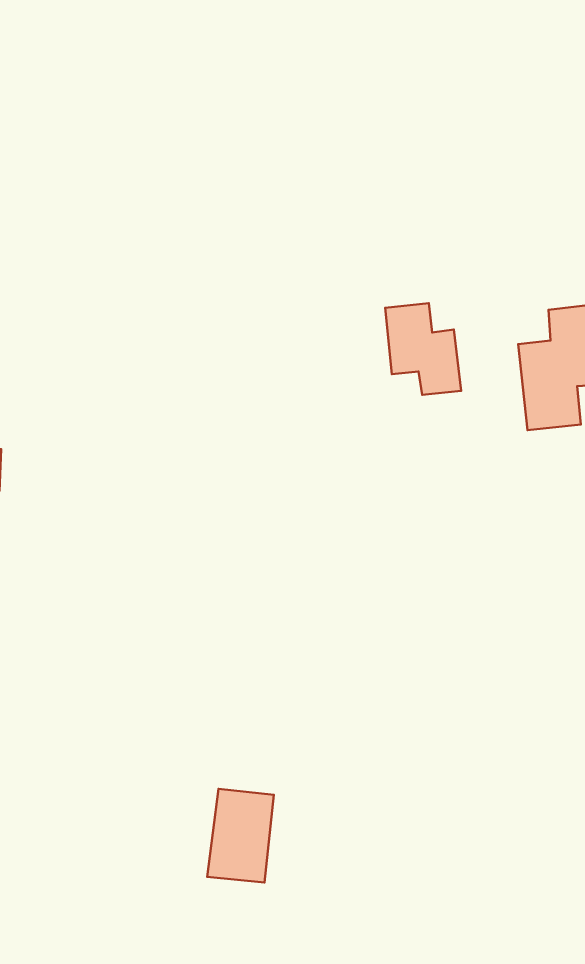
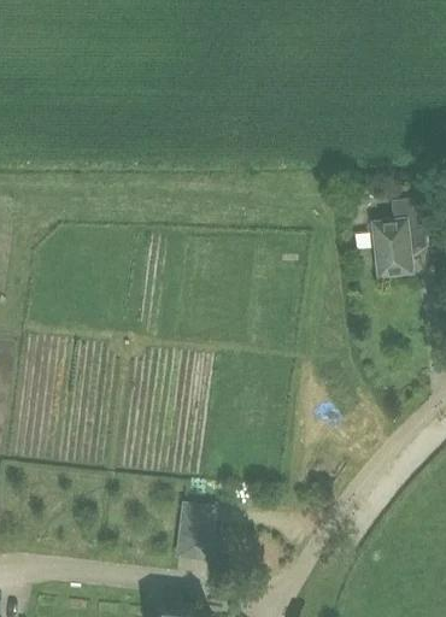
building: [385,303,461,395] -> none

